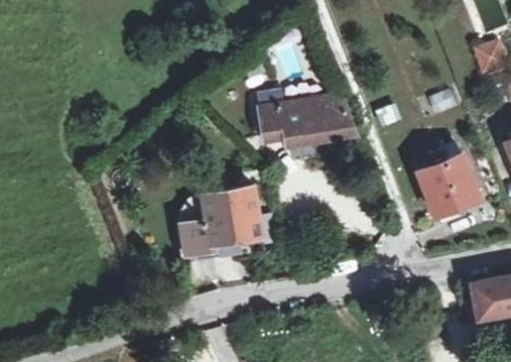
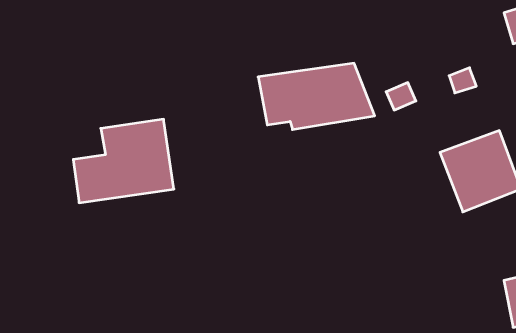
building: [172,188,261,261] -> [73,119,174,203]

